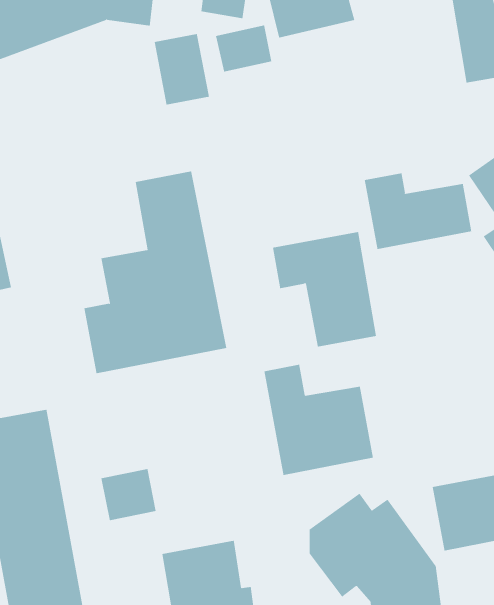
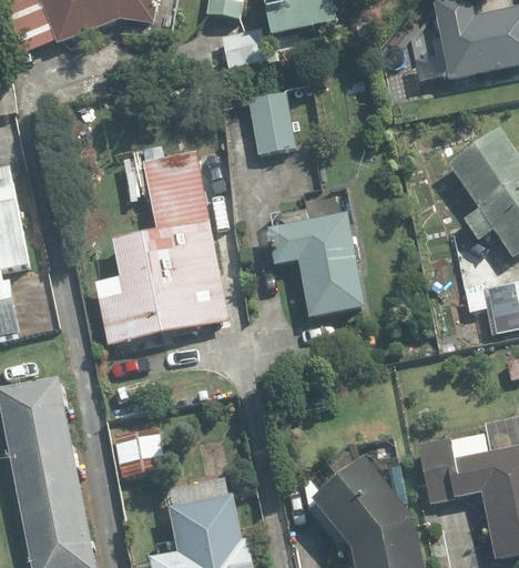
building: [154,33,210,105] -> [245,89,296,154]
building: [364,172,472,250] -> none
building: [264,364,373,476] -> none

